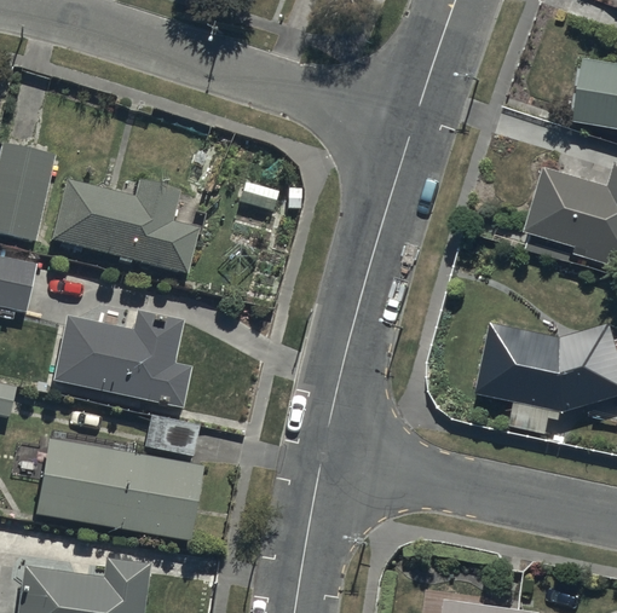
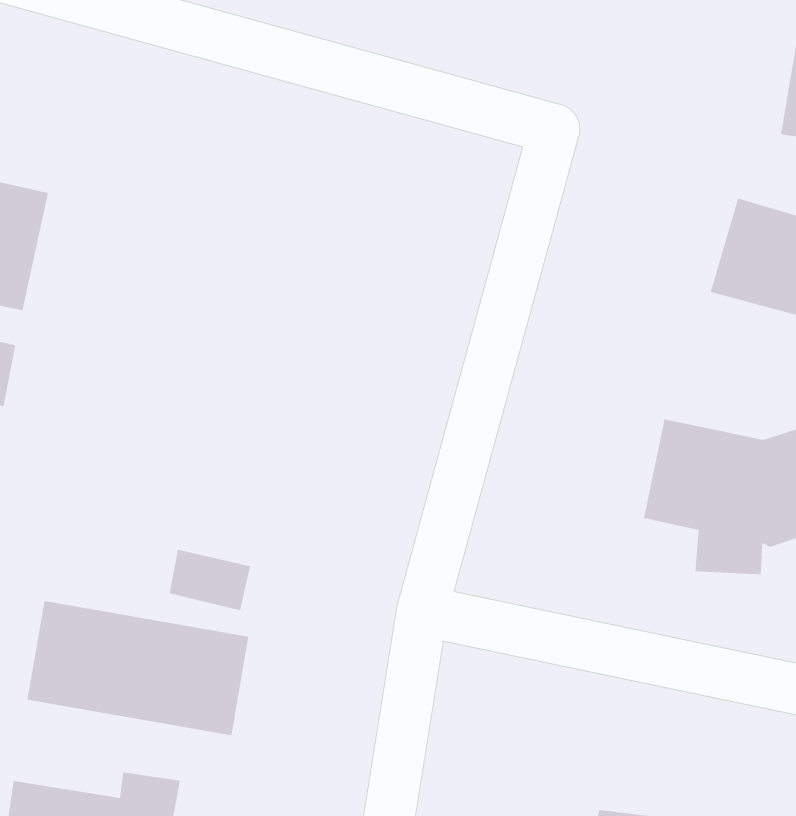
building: [58,186,198,272] -> none
building: [57,317,190,406] -> none

